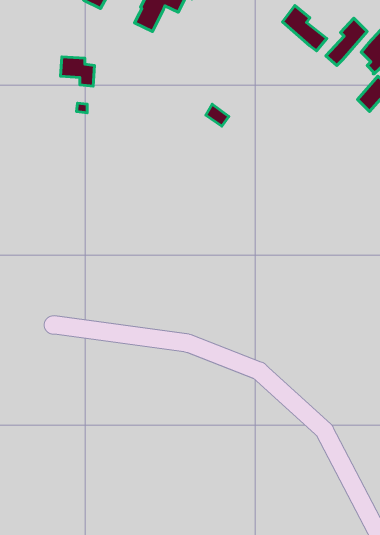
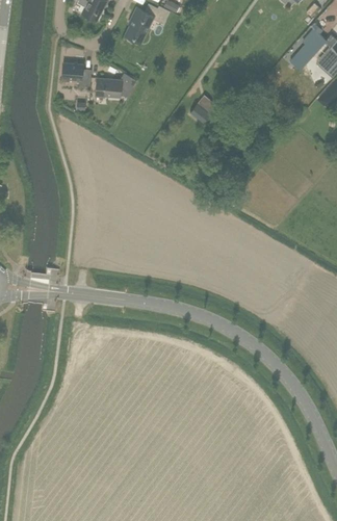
building: [282,6,327,51] -> none
building: none -> [95,73,135,97]

